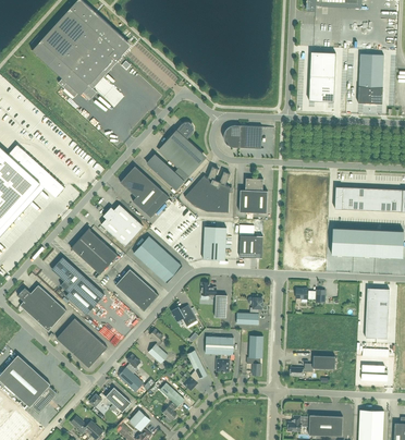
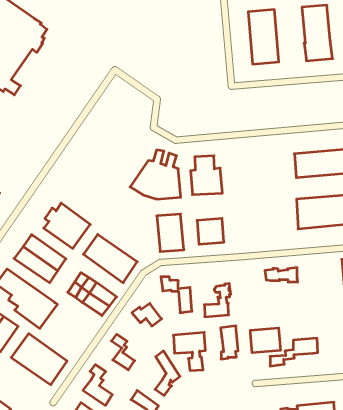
building: [147,122,205,190] -> none
building: [223,125,262,148] -> none
building: [120,166,163,212] -> none
building: none -> [250,328,280,353]

